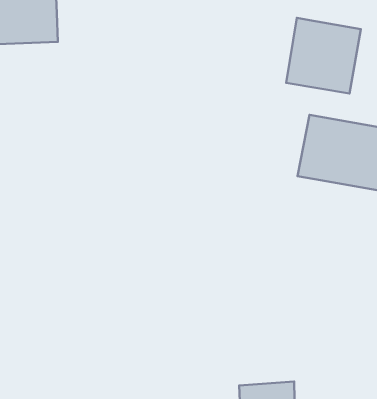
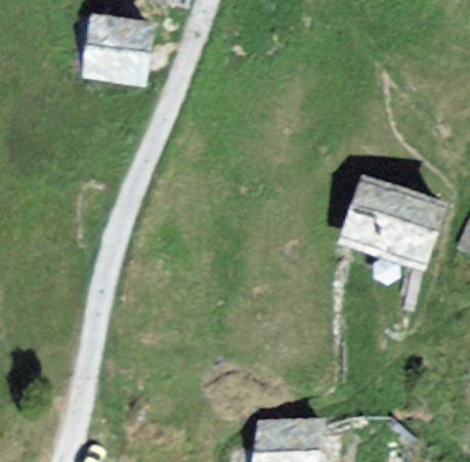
building: [286,18,361,93] -> none

